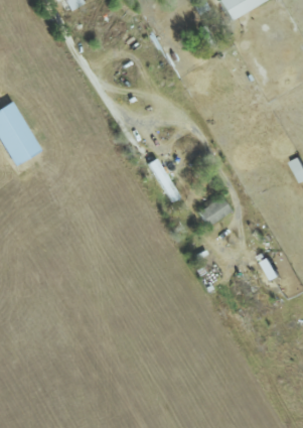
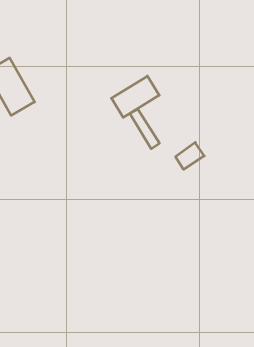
building: none -> [111,76,159,117]

